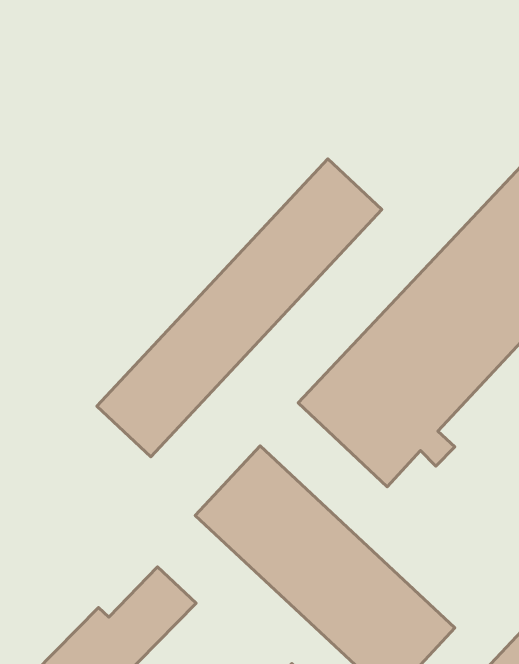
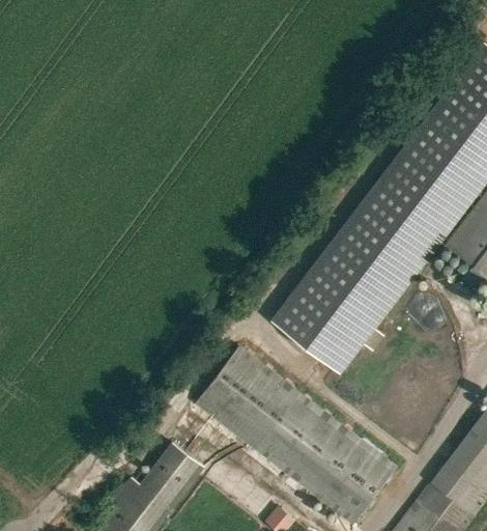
building: [97,159,382,457] -> none

